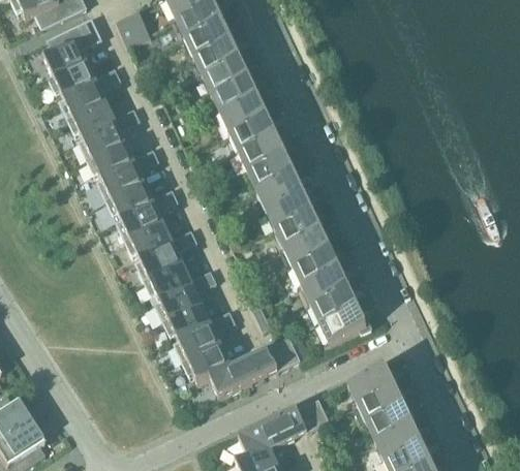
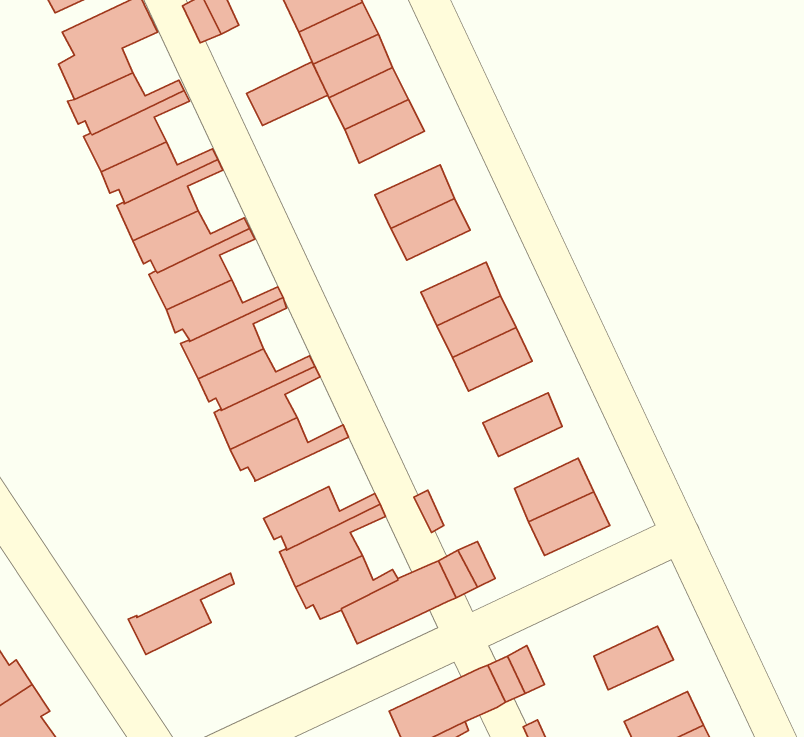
building: [221,97,269,134] -> [247,62,328,125]
building: [249,155,296,191] -> none
building: [285,231,332,268] -> none
building: [303,270,349,306] -> none
building: [155,276,217,323] -> [128,573,234,654]
building: [349,367,396,404] -> none
building: [367,406,414,442] -> none

